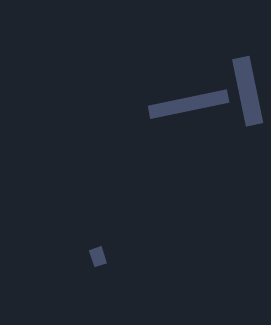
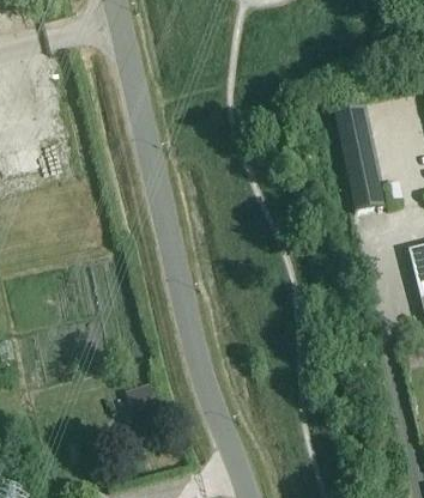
building: [147,88,230,120] -> none

